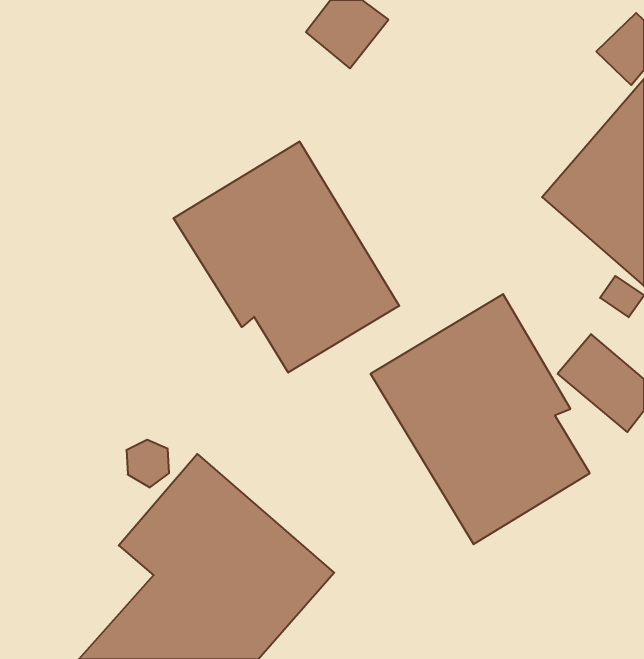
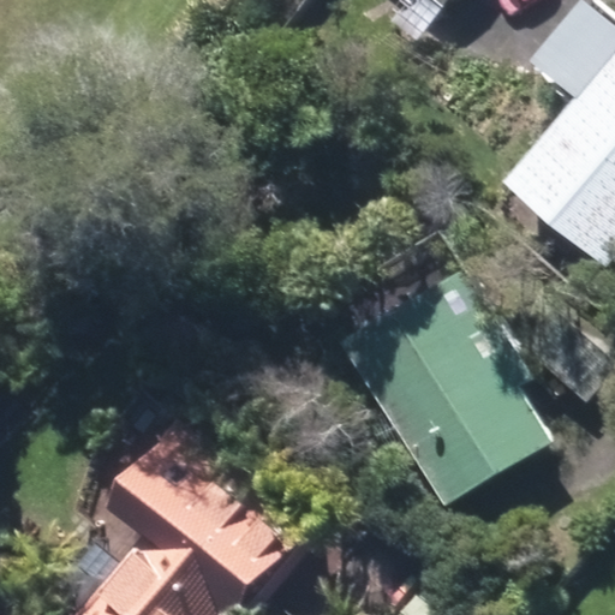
building: [173,141,399,373] -> none

